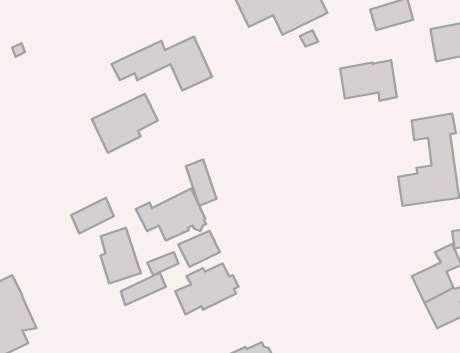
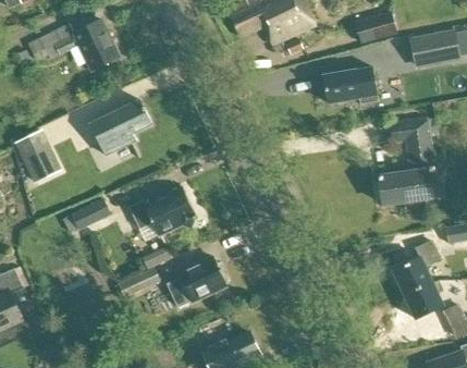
building: [112,36,212,91] -> [26,19,121,70]
building: none -> [14,128,61,183]
building: [186,159,216,206] -> none
building: [100,228,141,284] -> none
building: [178,231,220,267] -> none

